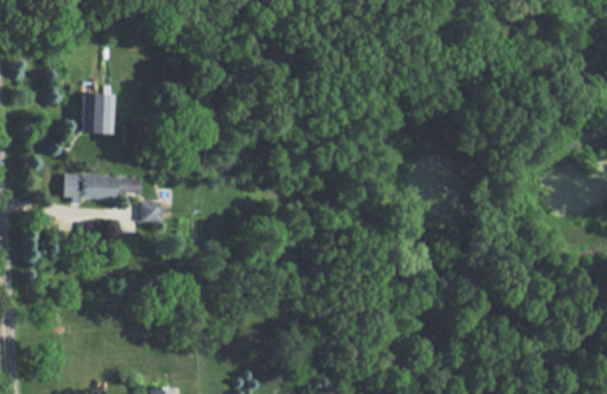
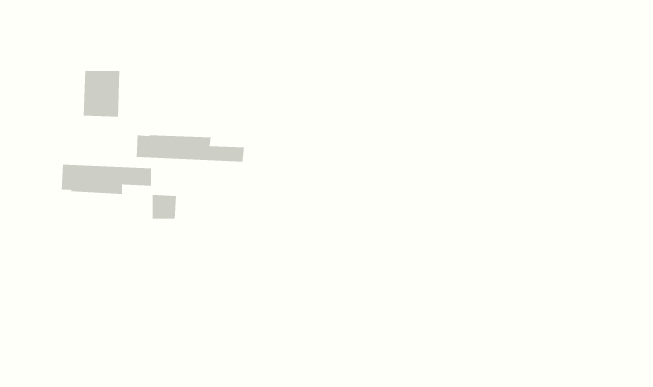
building: none -> [136,134,245,163]

